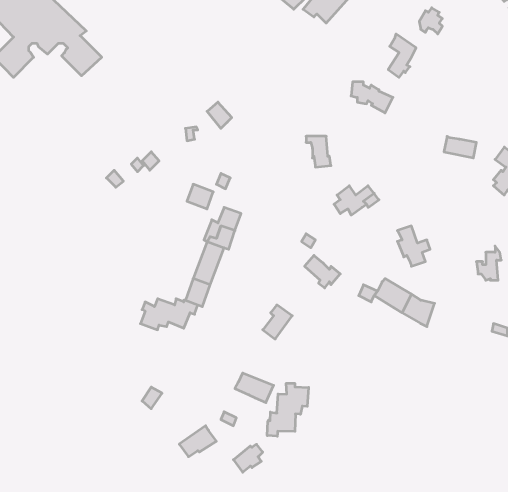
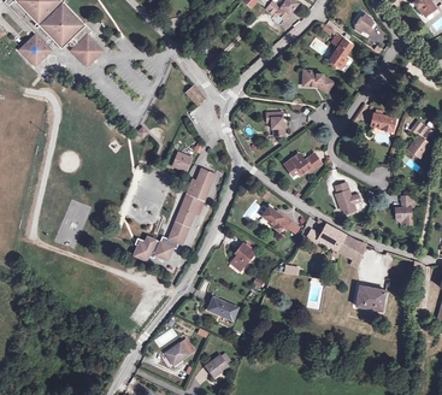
building: none -> [356,285,387,311]
building: [267,383,309,436] -> none

